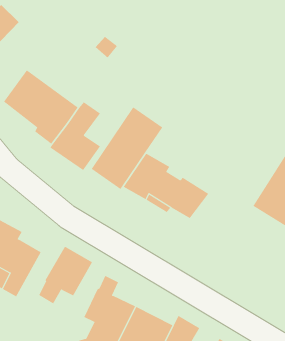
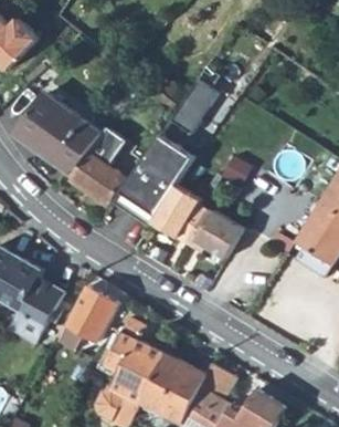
building: none -> [172,79,220,134]

